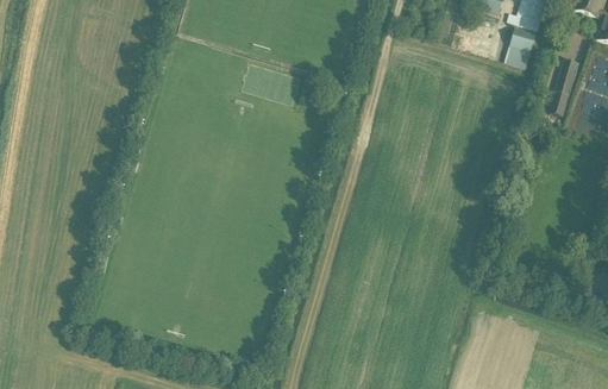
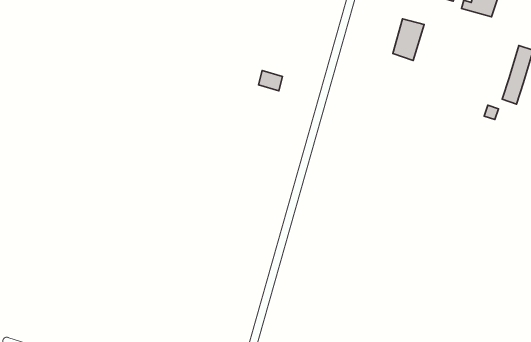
building: [507,25,538,67] -> [393,19,424,61]

